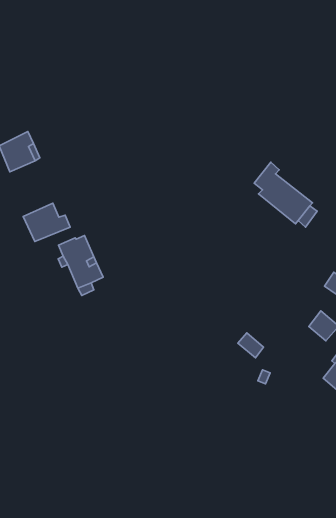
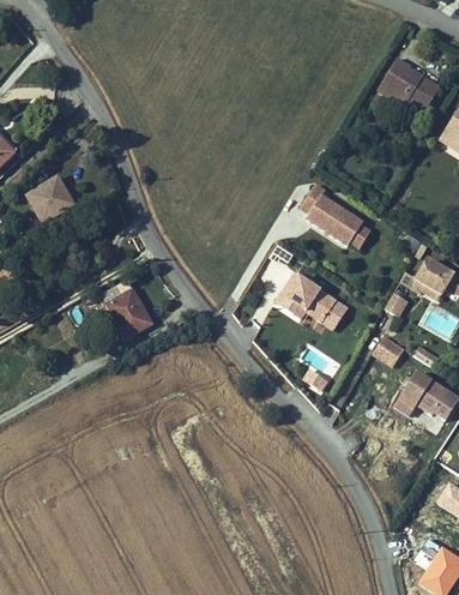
building: [23,203,70,241] -> none
building: none -> [272,269,348,331]

